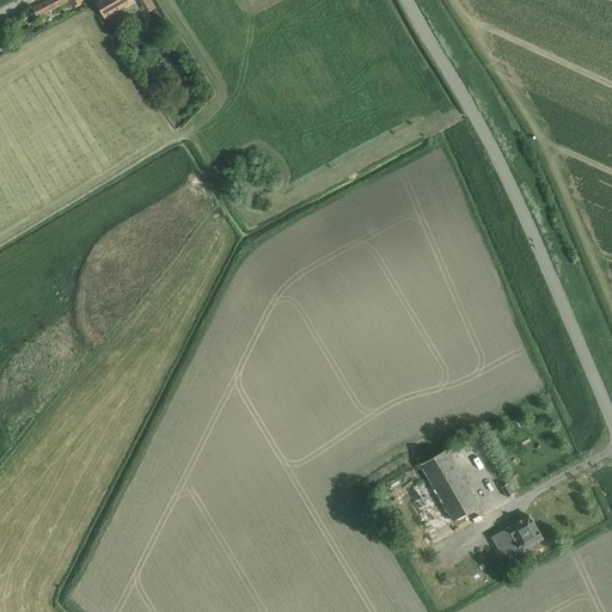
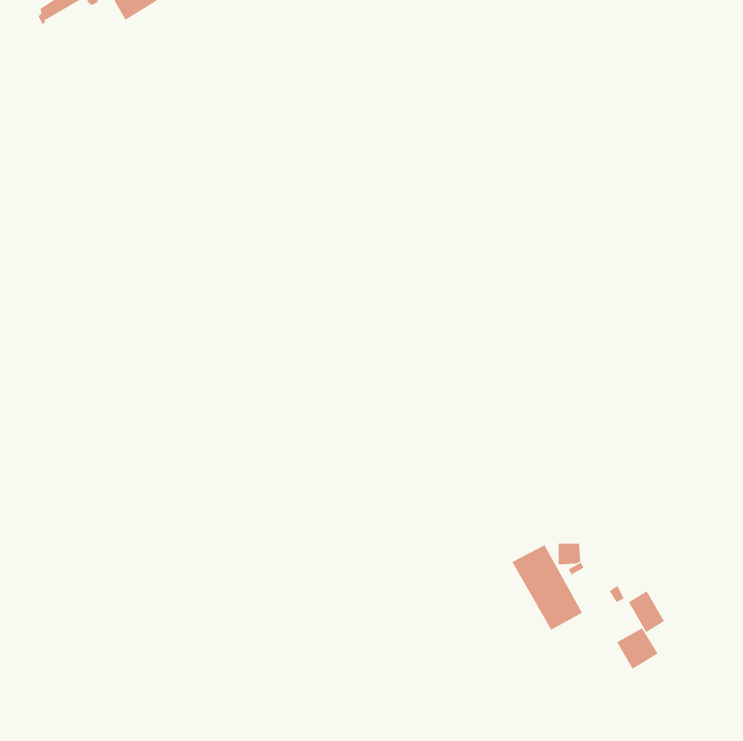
building: [490,527,520,562] -> [628,591,665,633]

